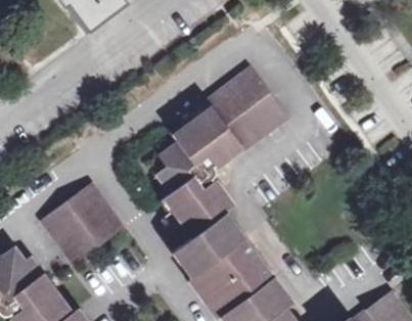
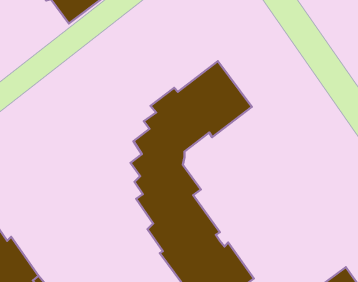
building: [41,181,125,263] -> none

